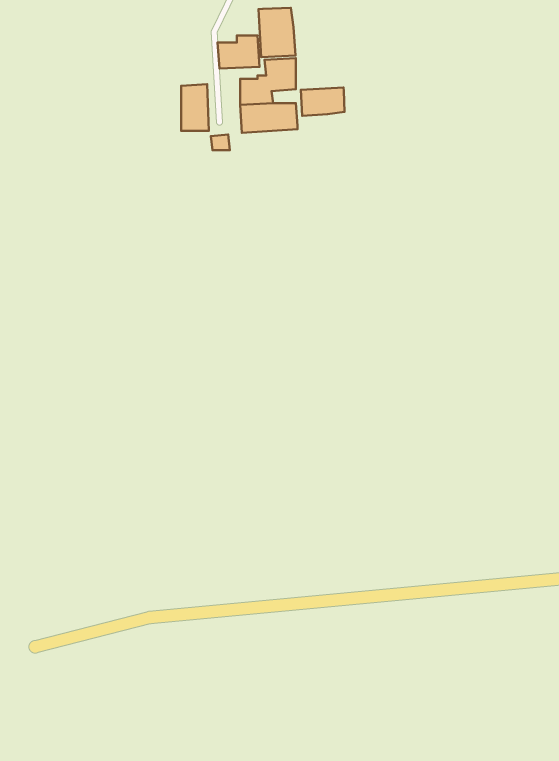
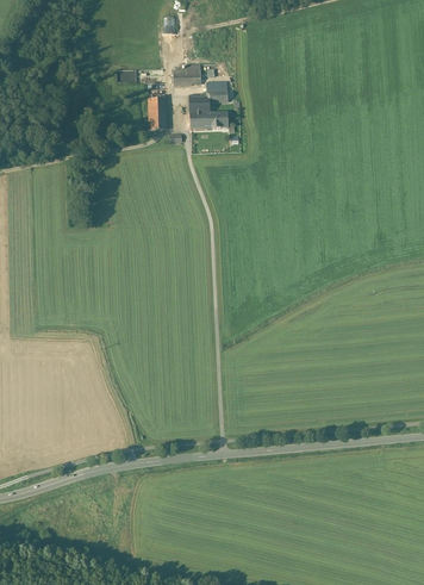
building: [259,8,295,57] -> none
building: [301,88,345,116] -> none

